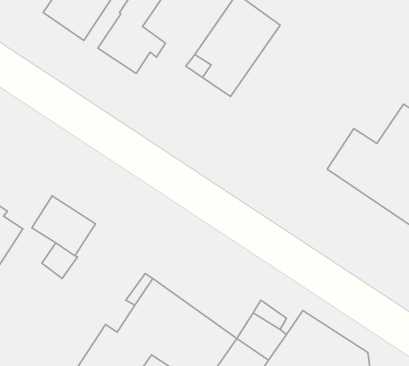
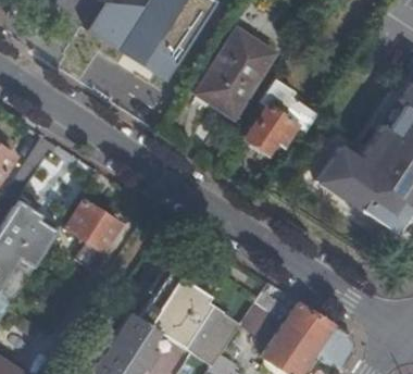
building: none -> [251,79,317,151]

